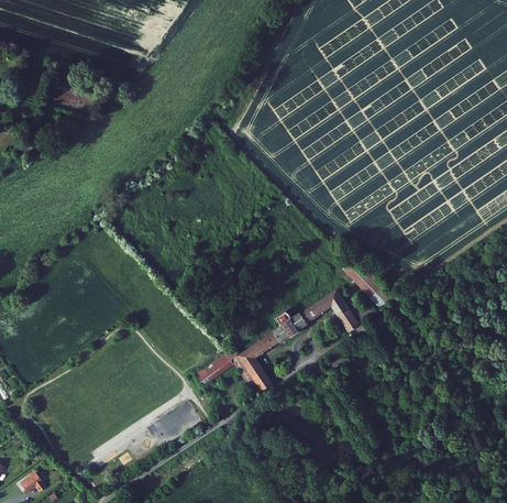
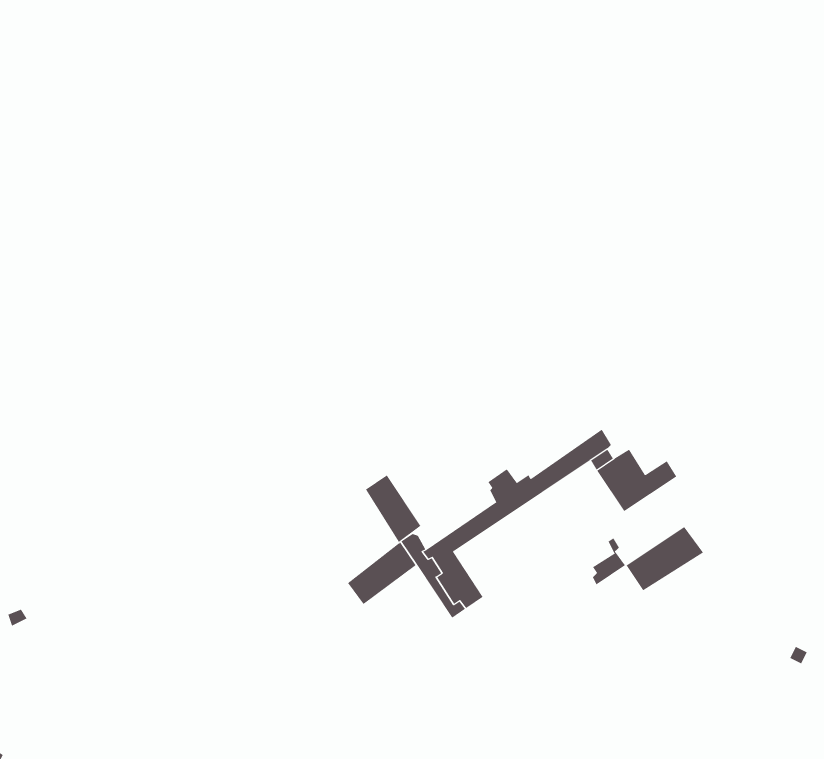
building: none -> [365,475,421,543]
building: none -> [626,526,704,591]

